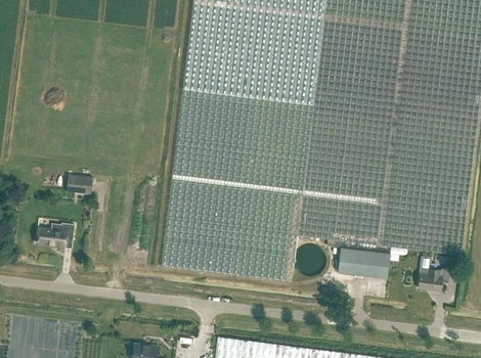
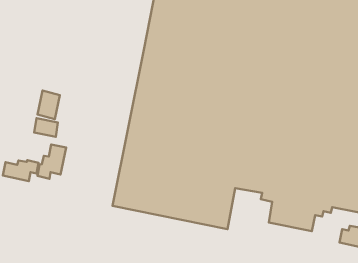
building: none -> [37,90,60,119]
building: none -> [38,144,66,179]

